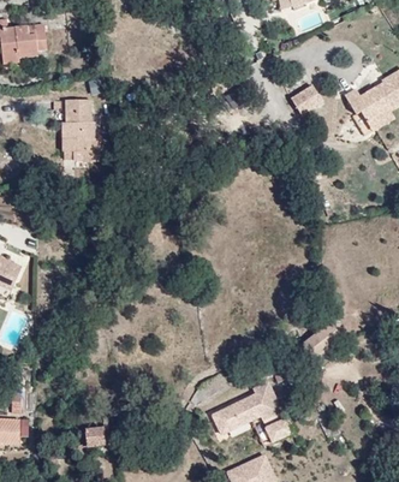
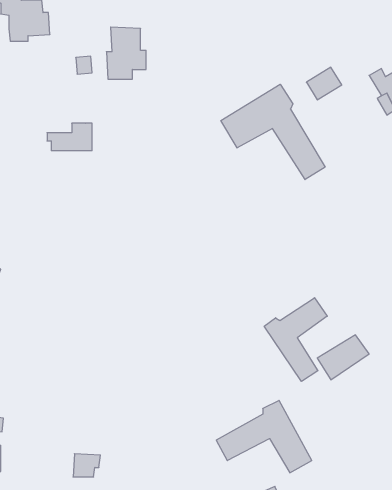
building: [59,97,94,143] -> [106,27,146,79]
building: none -> [221,84,325,180]
building: none -> [264,298,327,381]

